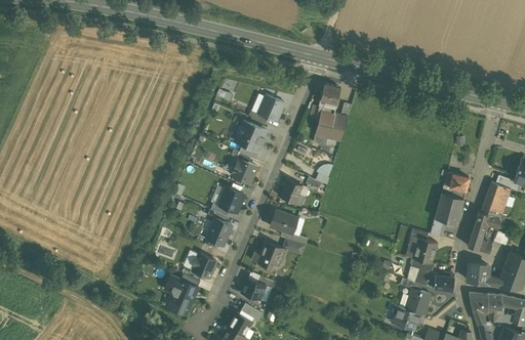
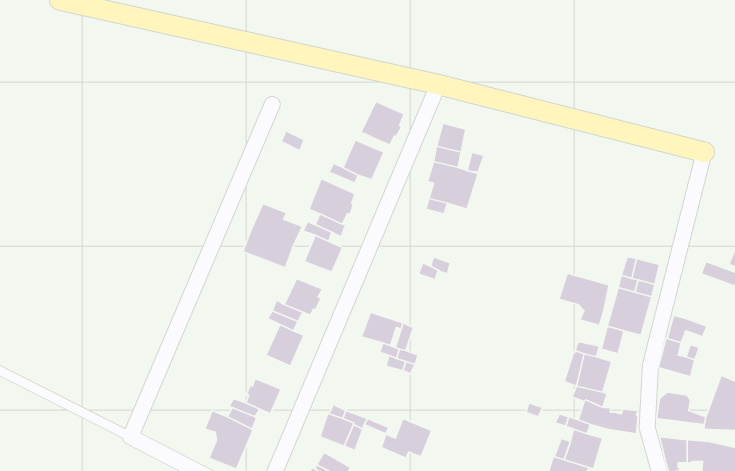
building: none -> [361,101,405,145]
building: none -> [243,203,302,268]
building: [280,179,309,206] -> none
building: none -> [559,273,610,325]
building: [486,184,511,219] -> none
building: [252,241,286,267] -> [381,418,432,458]

